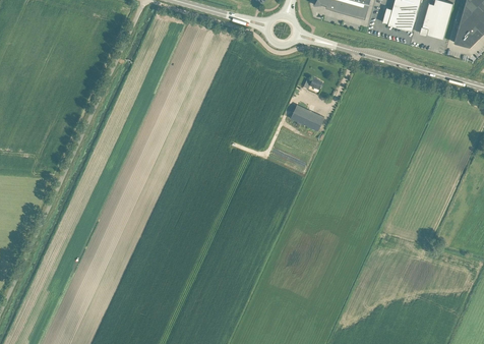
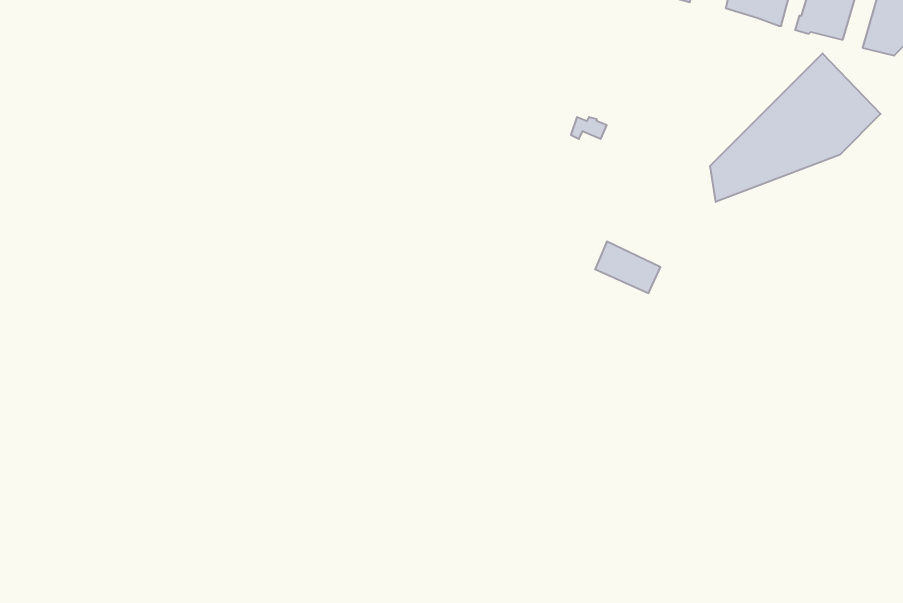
building: none -> [710,53,881,202]
building: [291,104,324,130] -> [595,241,660,293]

